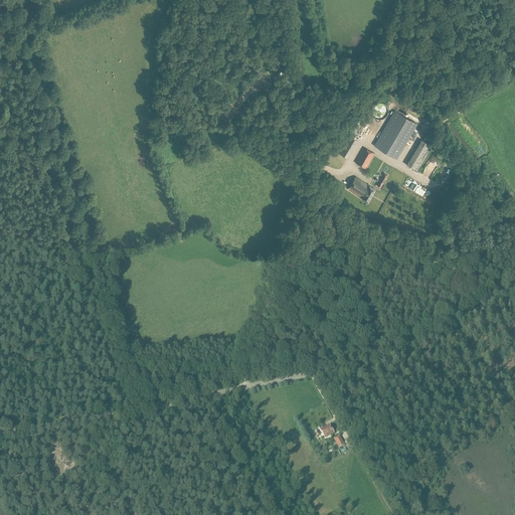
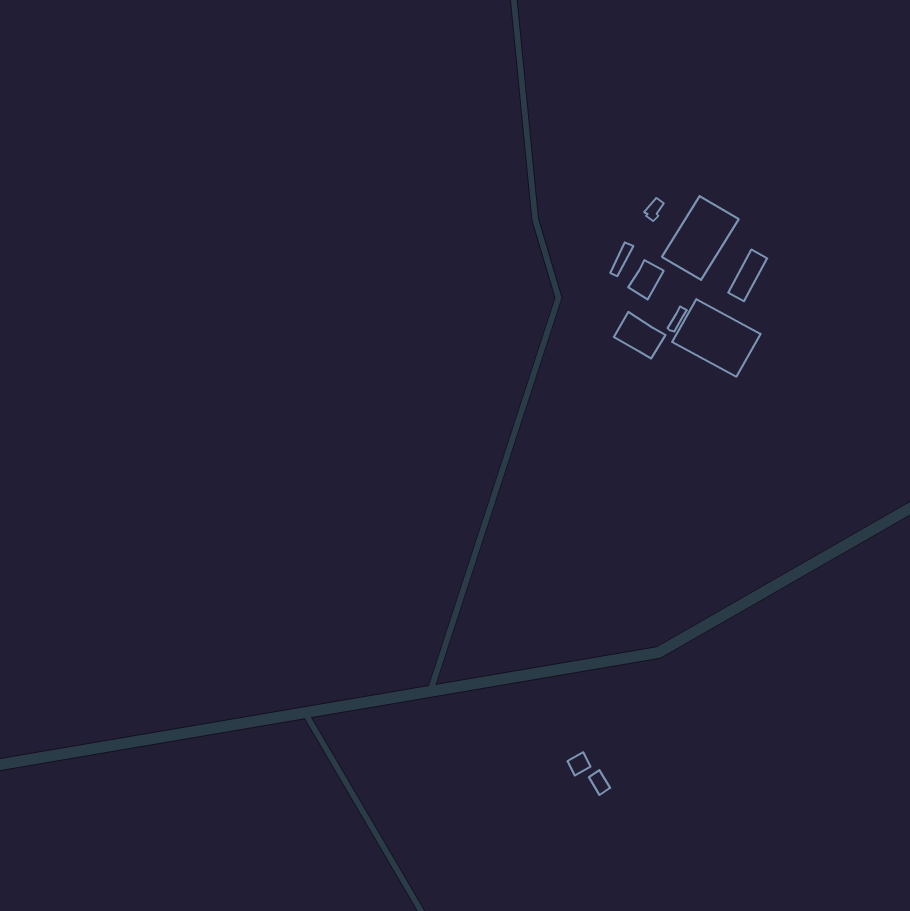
building: none -> [672,299,761,377]

